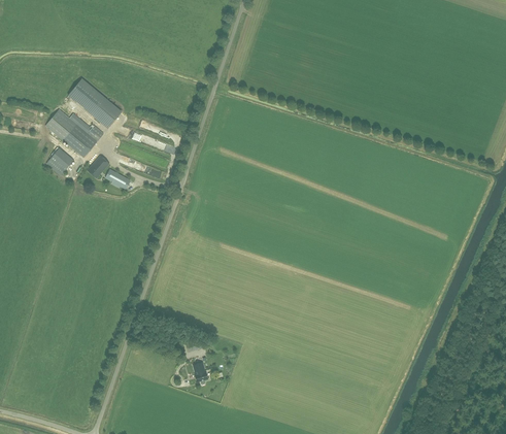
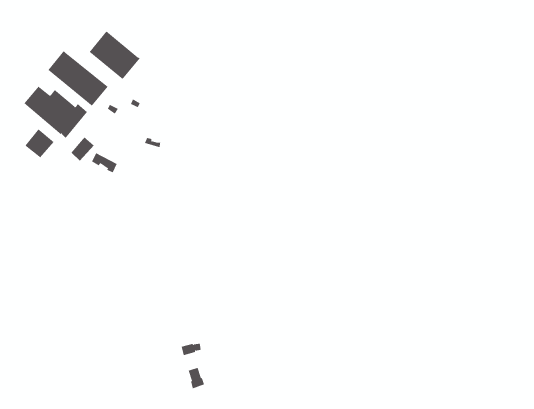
building: none -> [89,30,140,80]

